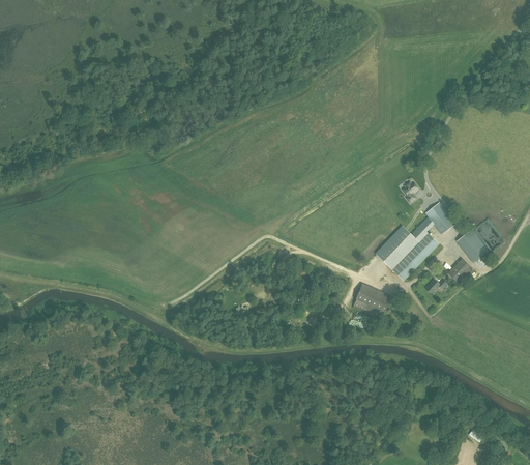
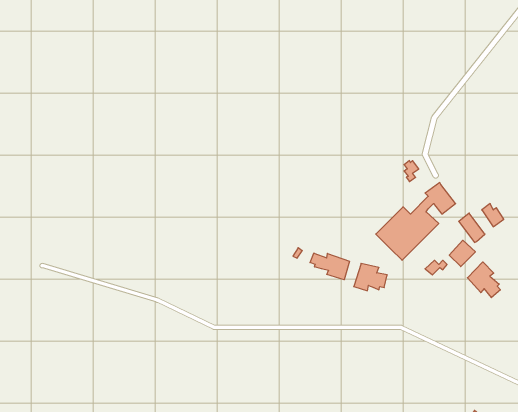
building: none -> [310,253,350,280]
building: none -> [467,262,500,298]

